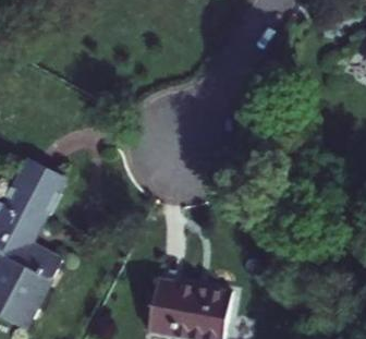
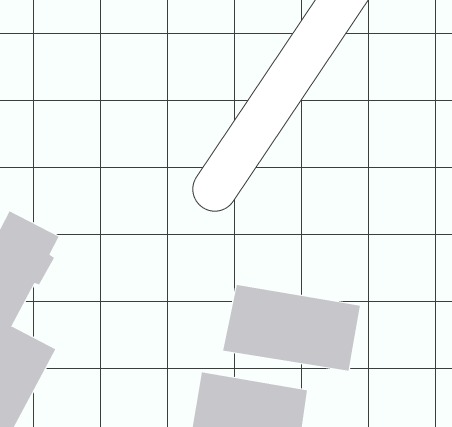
building: none -> [223,284,361,372]

